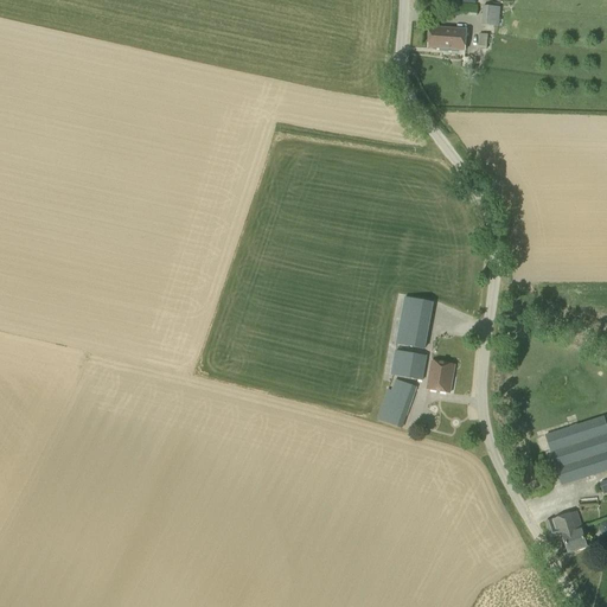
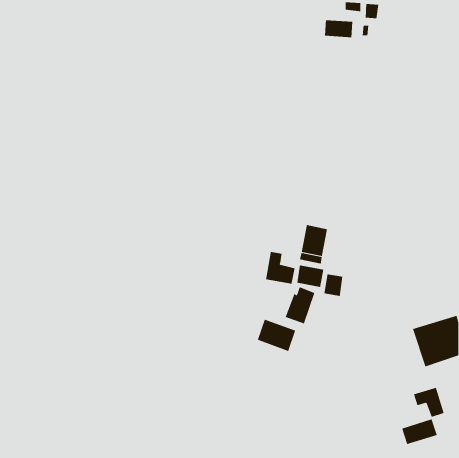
building: none -> [265,251,295,284]
building: none -> [257,319,296,352]
building: none -> [401,419,437,445]

